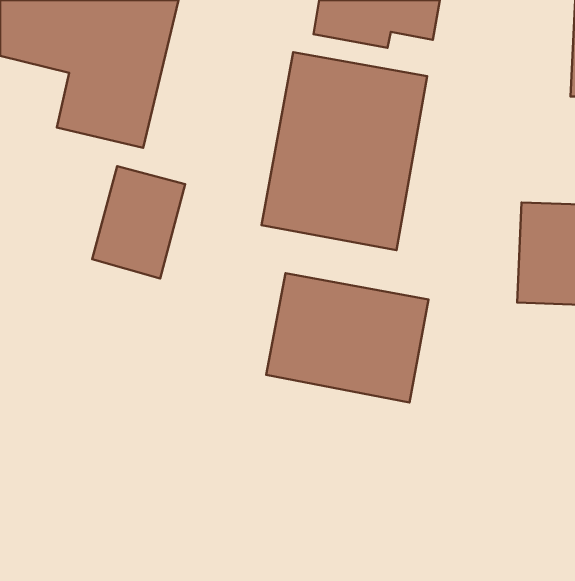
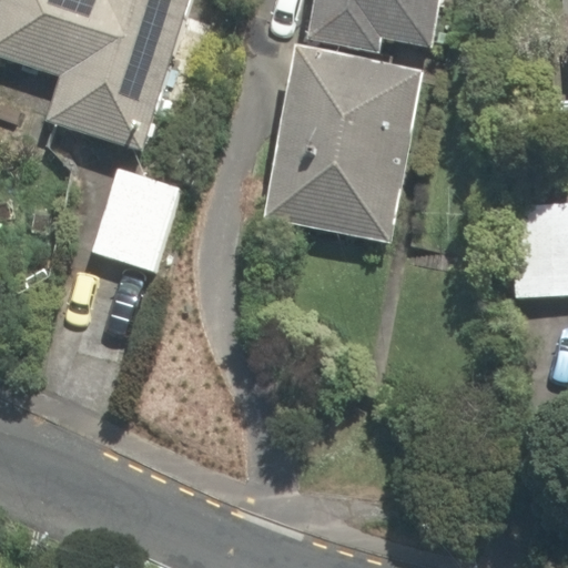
building: [266,273,428,402] -> none

